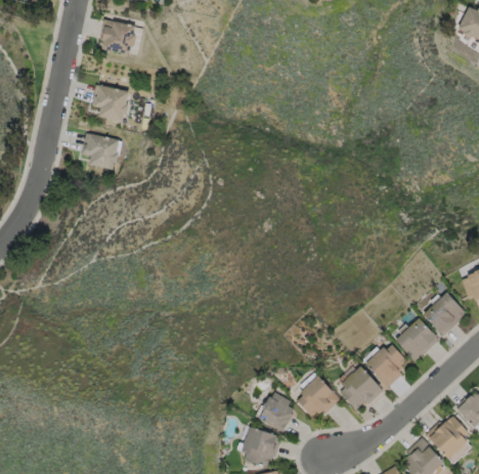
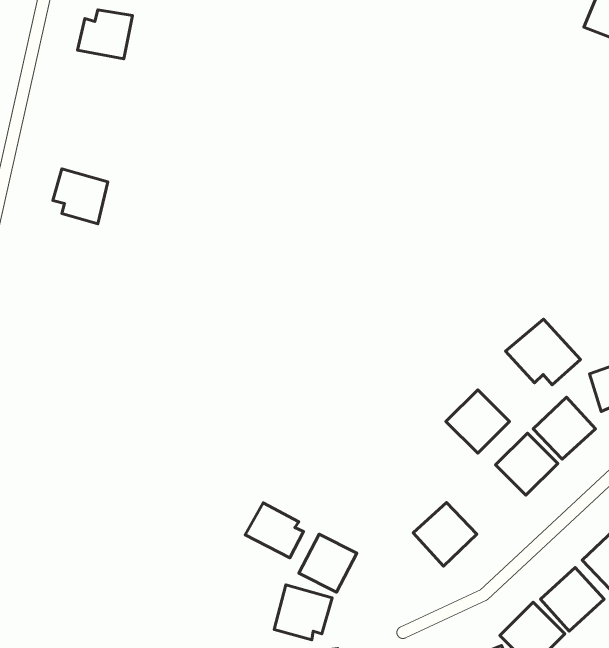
building: [93,84,129,121] -> none
building: none -> [506,319,580,385]
building: [364,343,409,388] -> [446,390,509,453]
building: none -> [245,503,303,558]
building: [295,377,339,420] -> none

